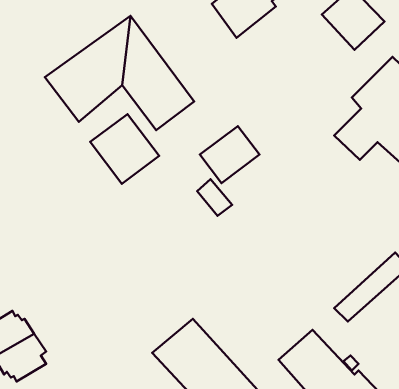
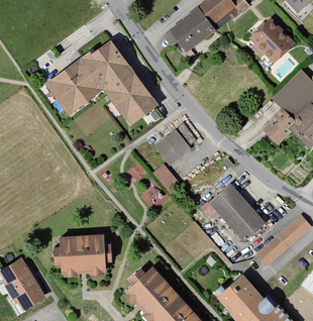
building: [90,114,159,184] -> none
building: none -> [208,184,267,243]
building: none -> [58,234,106,276]

